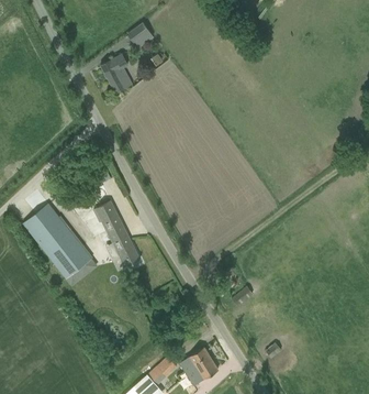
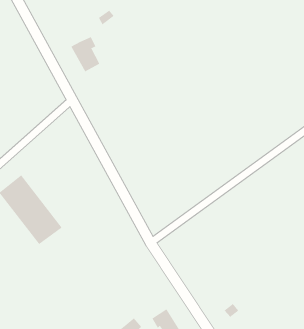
building: [94,200,141,267] -> none

